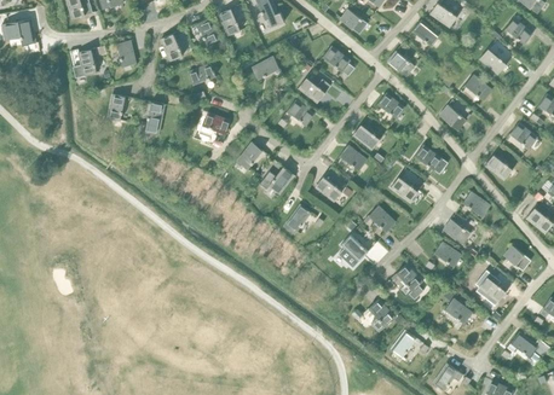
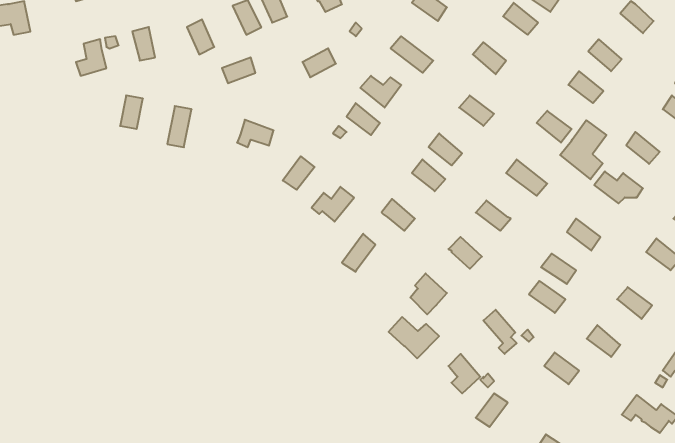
building: none -> [560,120,606,179]
building: none -> [389,317,439,358]

